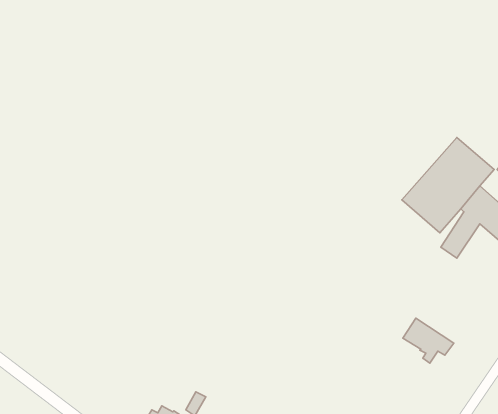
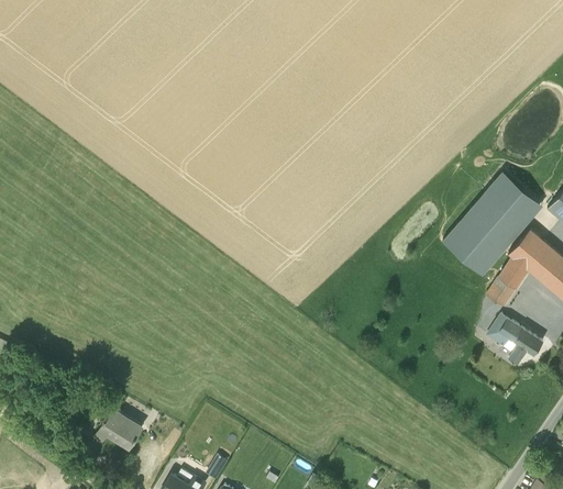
building: [403,318,454,363] -> [486,313,542,363]
building: none -> [92,405,141,445]

